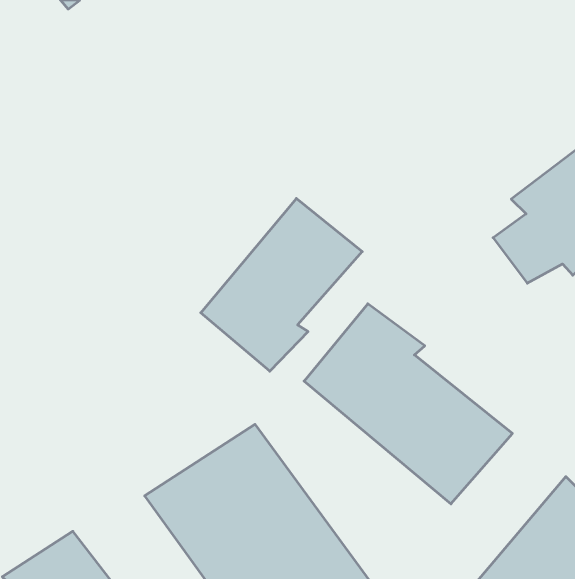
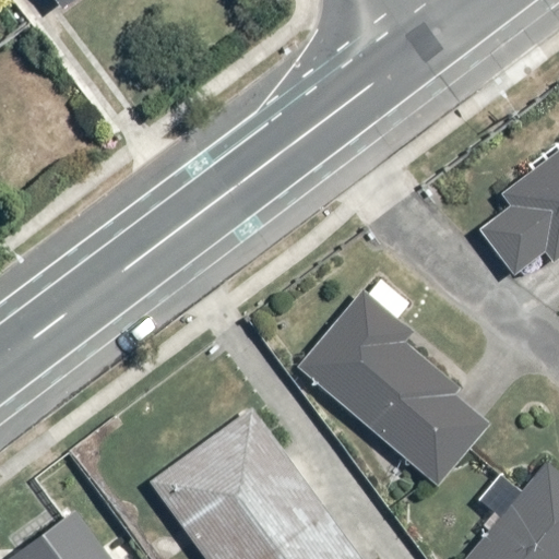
building: [201,198,362,371] -> none

